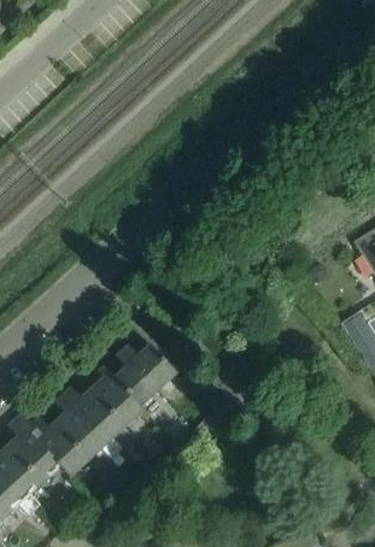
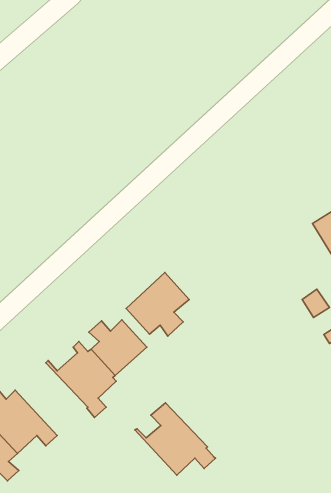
building: none -> [126,273,189,336]
building: [36,388,122,465] -> [135,403,215,475]

